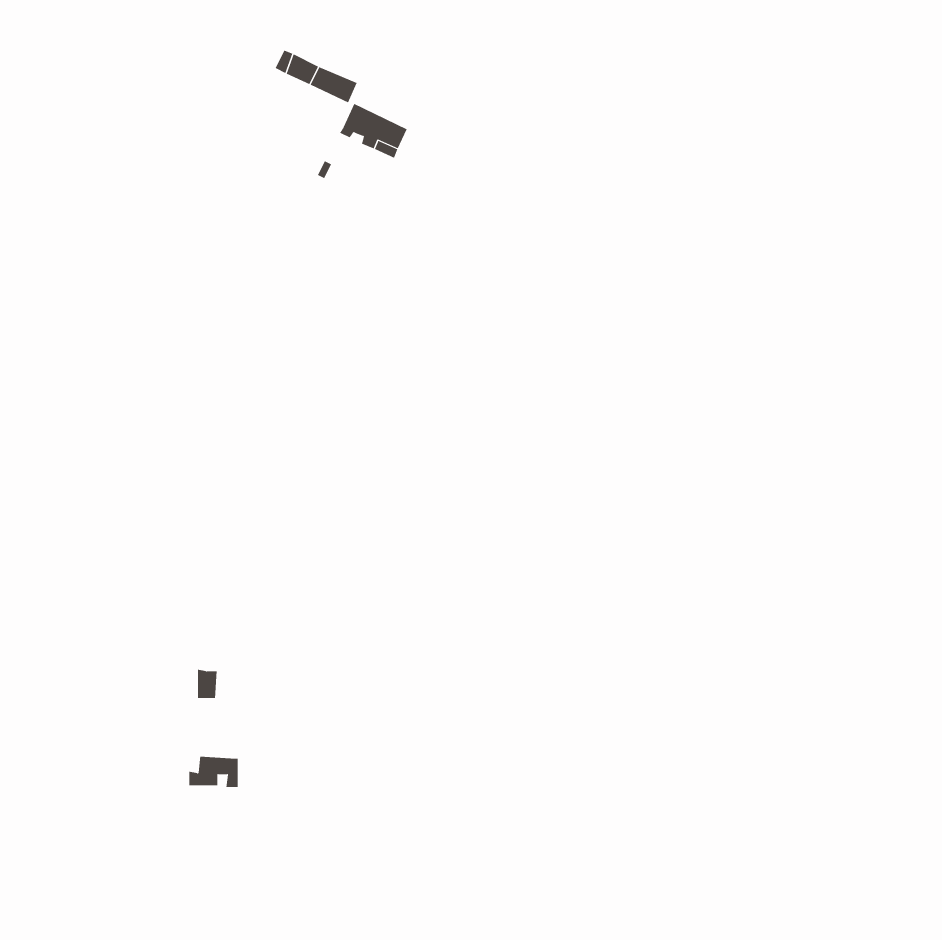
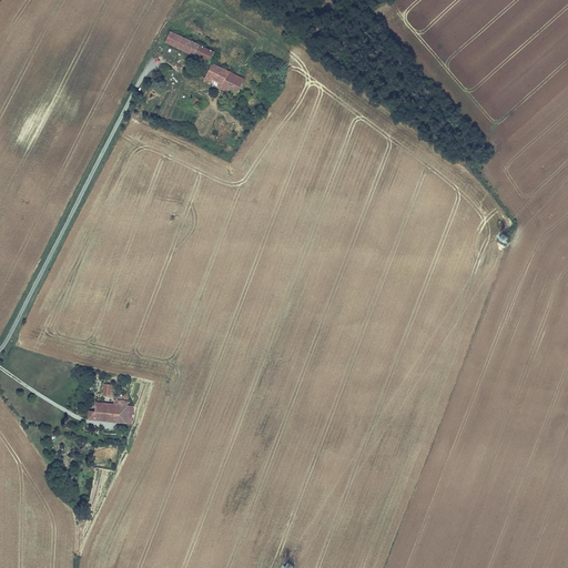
building: [189,756,238,788] -> [89,402,119,420]

